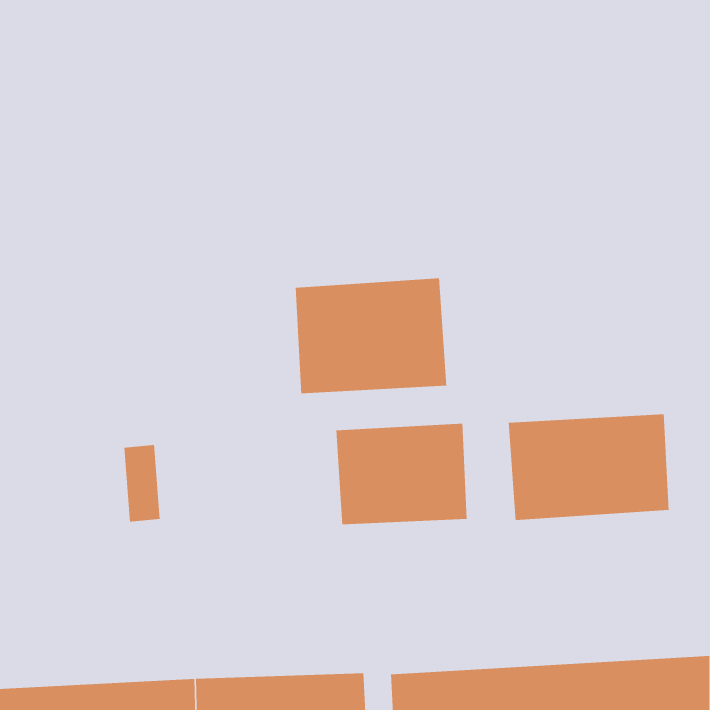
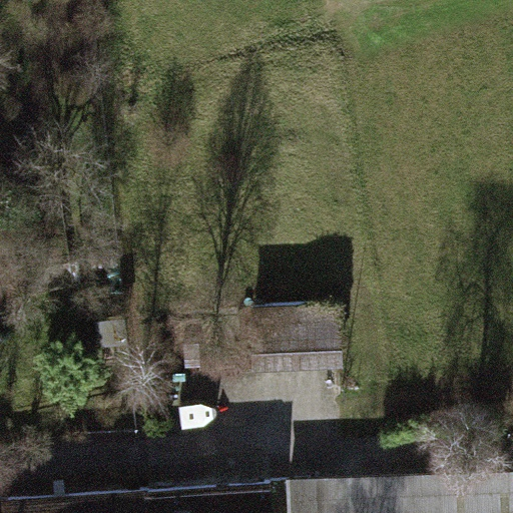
building: [295,278,447,394] -> none
building: [508,413,669,521] -> none

